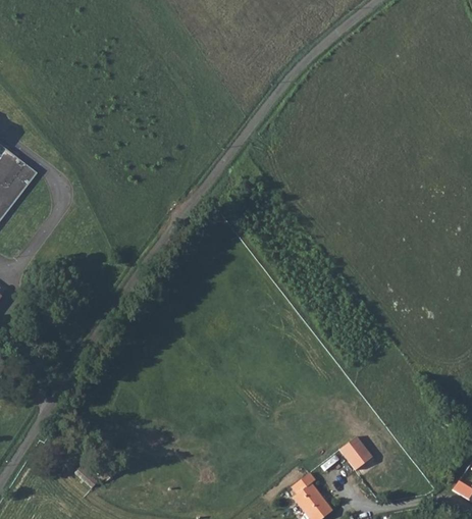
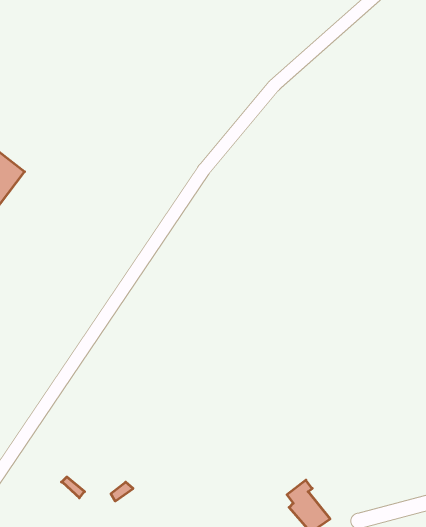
building: [338,435,370,469] -> none

